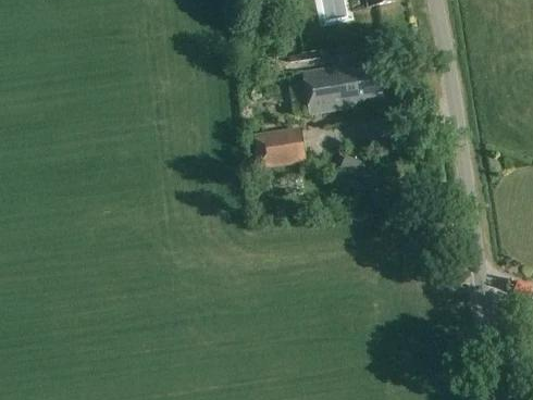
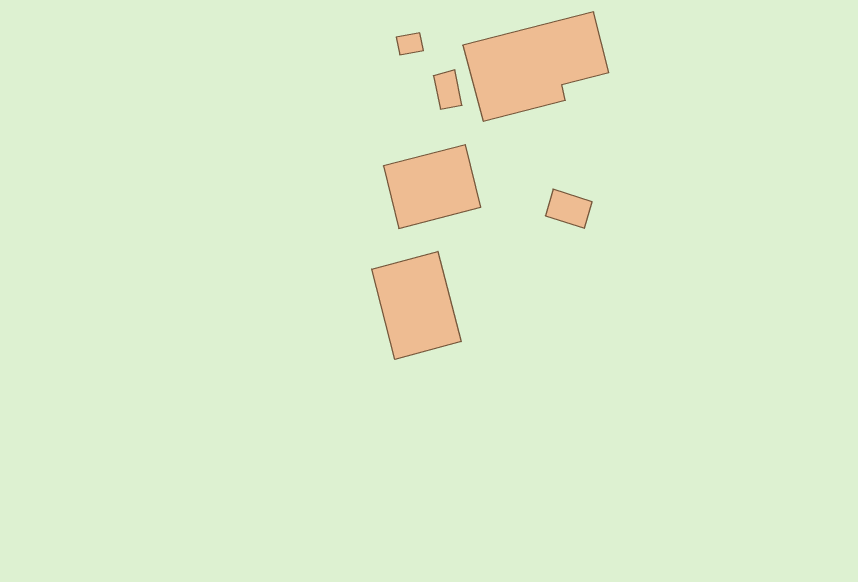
building: none -> [372,251,461,359]

